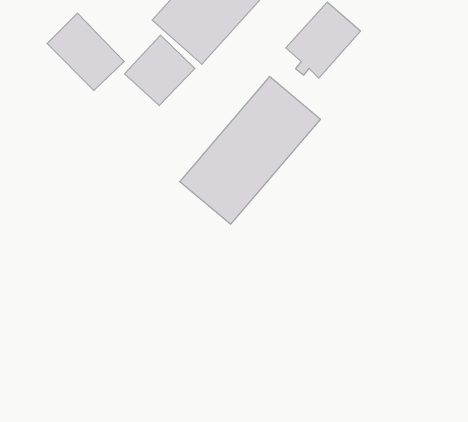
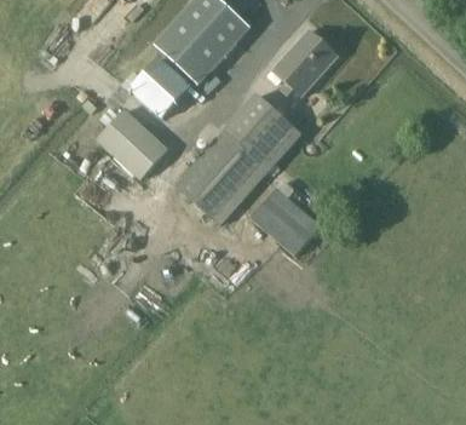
building: [47,13,124,91] -> [98,109,166,177]
building: none -> [252,190,320,257]

